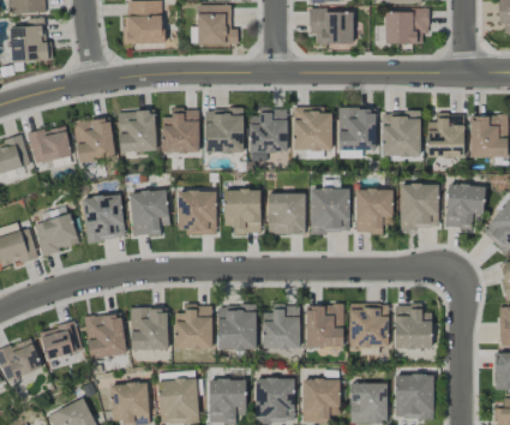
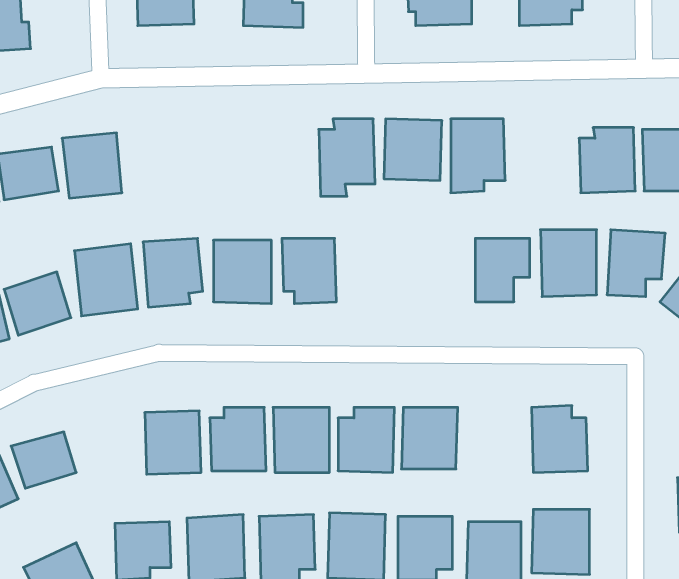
building: [162,108,199,154] -> none
building: [205,108,244,152] -> none
building: [118,112,156,152] -> none
building: [380,112,420,157] -> none
building: [310,188,349,234] -> none
building: [268,193,305,235] -> none
building: [348,304,389,347] -> none
building: [85,315,125,358] -> none

